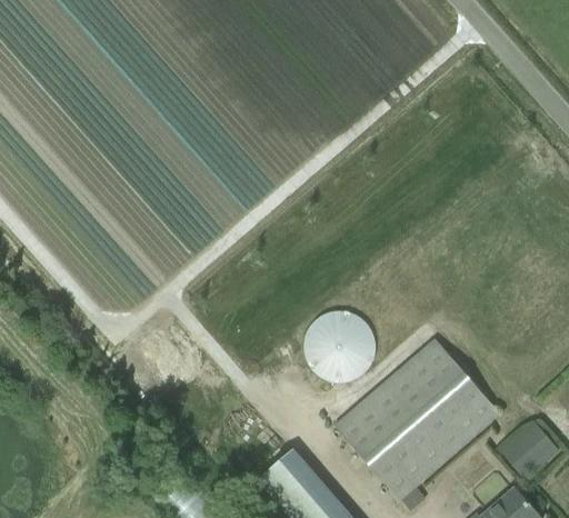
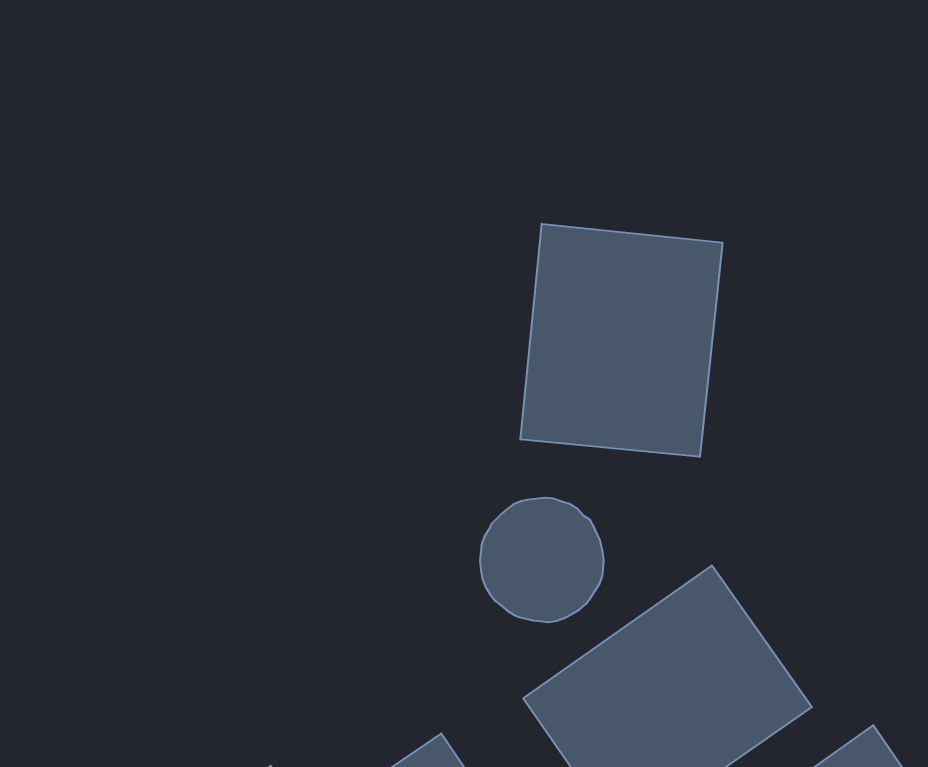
building: none -> [520,224,722,457]

